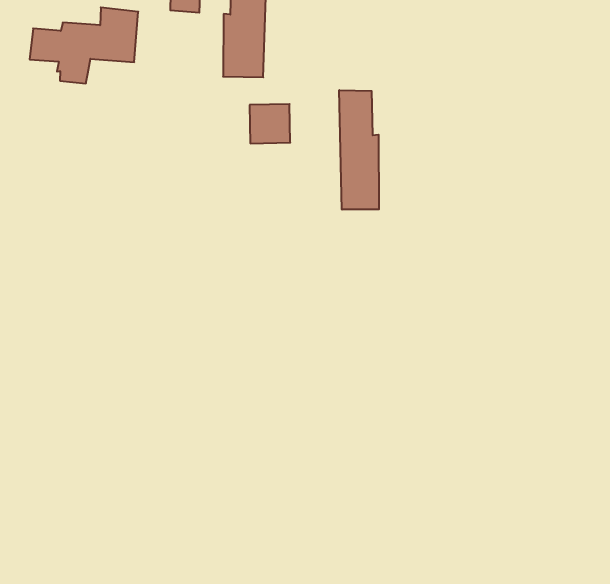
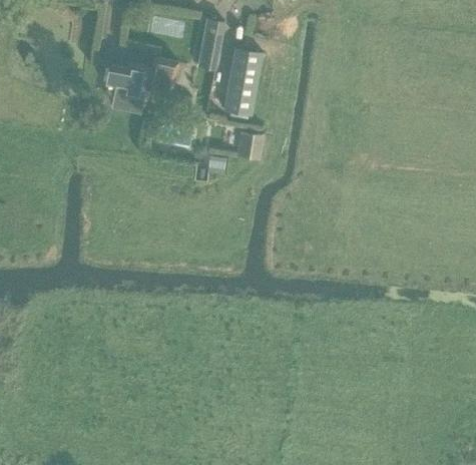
building: [339,90,379,210] -> none

